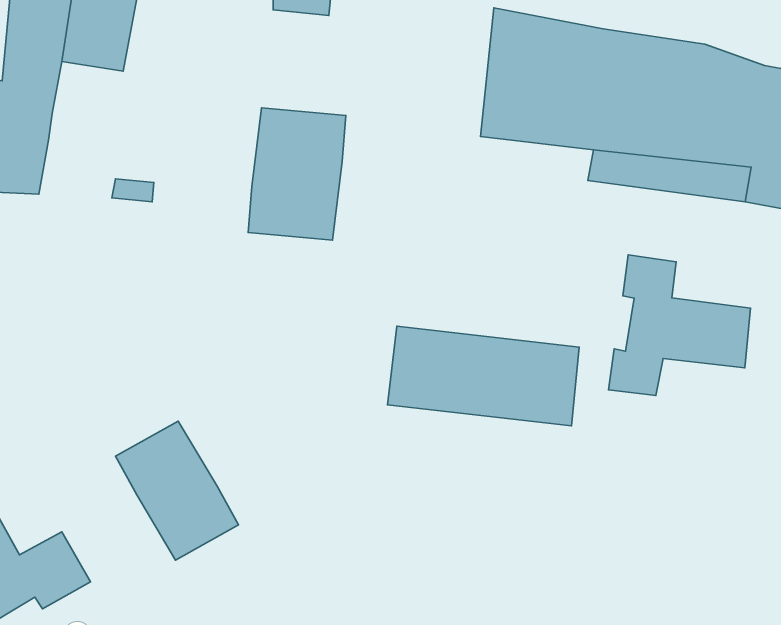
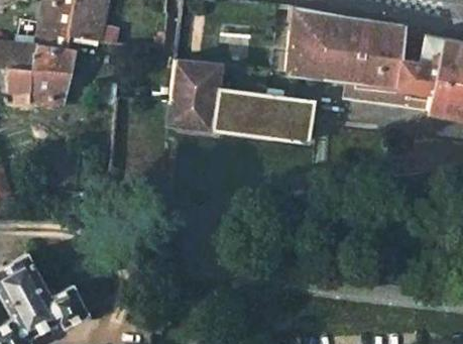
building: [609,255,750,395] -> none
building: [387,326,579,426] -> [213,89,314,141]
building: [115,421,238,560] -> none

